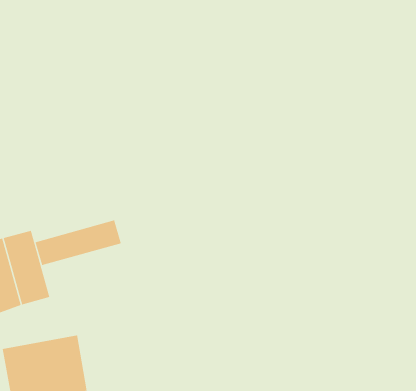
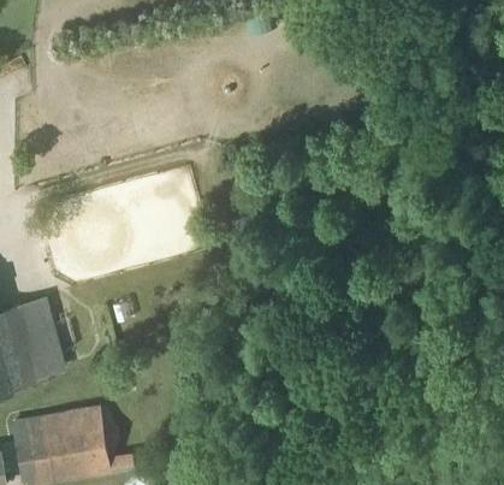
building: [35,220,121,266] -> none

